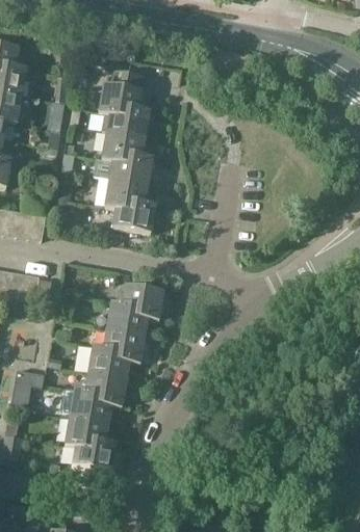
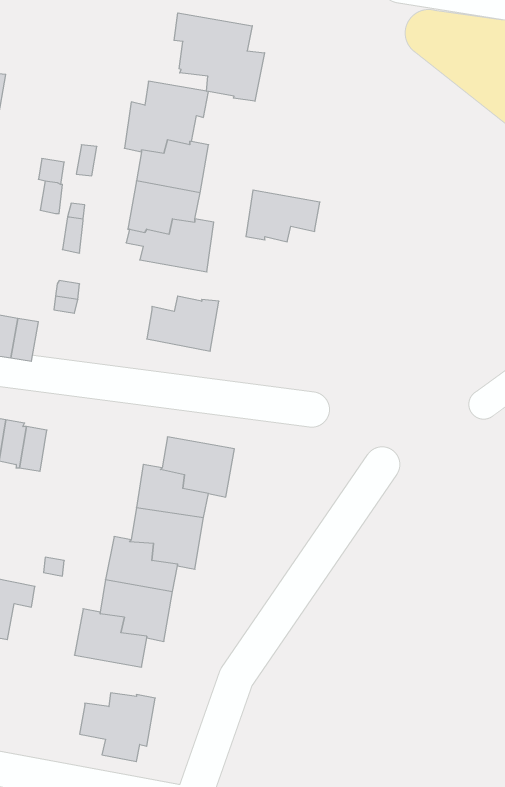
building: none -> [174,13,265,101]
building: [103,177,148,208] -> [246,190,320,242]
building: [62,416,108,447] -> none

